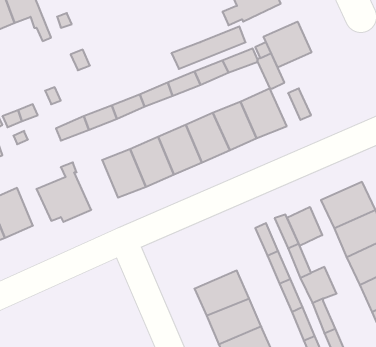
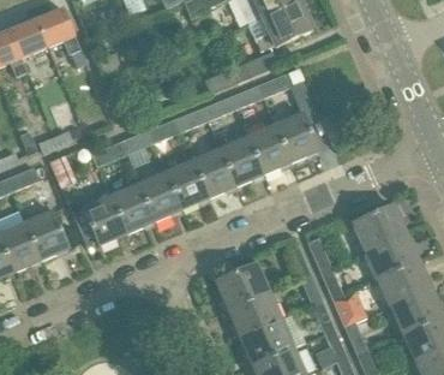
building: [264,22,311,67] -> none
building: none -> [109,184,152,233]
building: [287,207,322,246] -> none
building: none -> [215,263,270,311]

